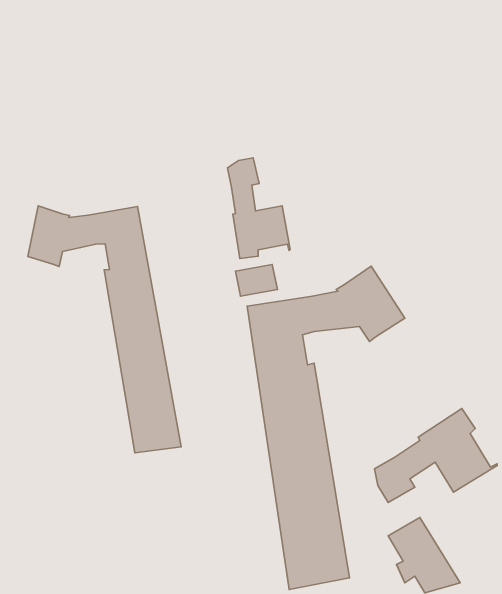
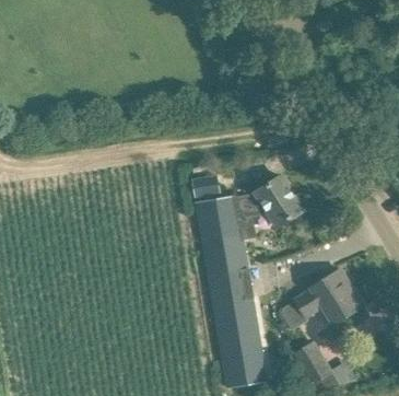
building: [228,158,290,259] -> none
building: [28,206,181,453] -> none

